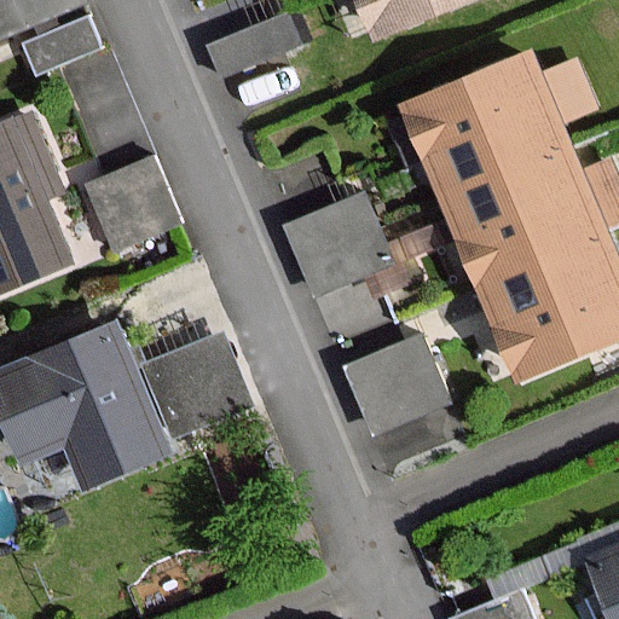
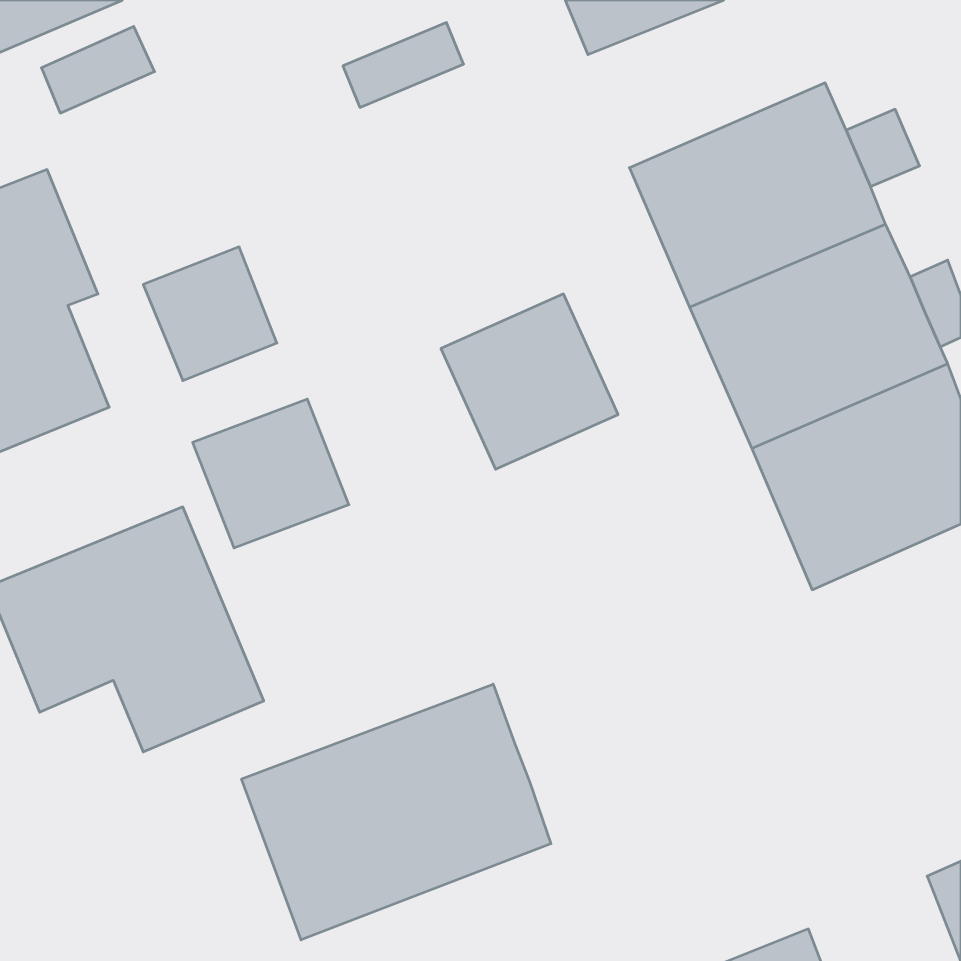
building: [341,334,450,436] -> none
building: [149,337,249,433] -> [193,399,349,548]
building: none -> [242,684,551,940]

